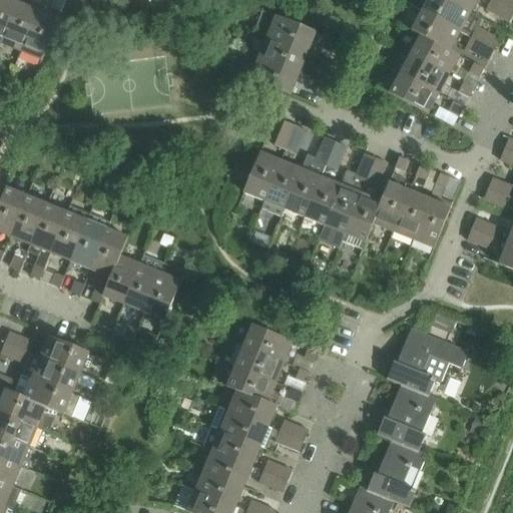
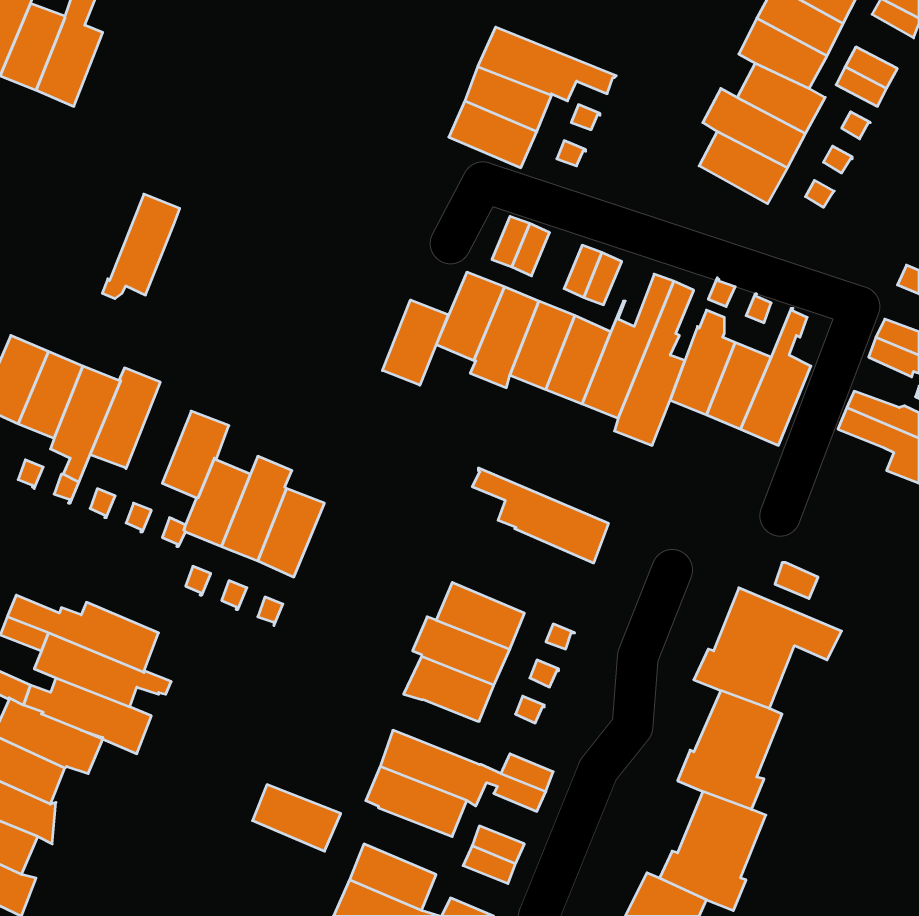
building: none -> [382,300,448,385]
building: [66,212,109,271] -> [102,194,180,299]
building: none -> [472,468,608,563]
building: [226,389,276,425] -> none
building: [202,449,251,486] -> [252,785,341,851]

